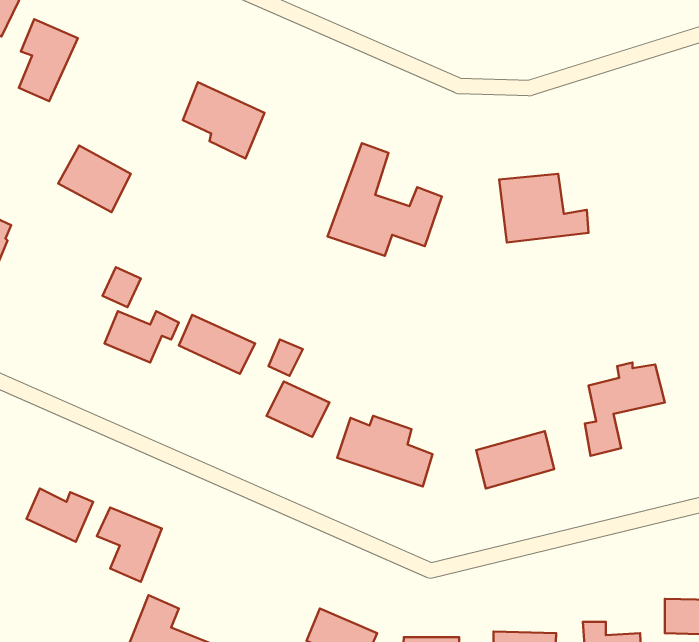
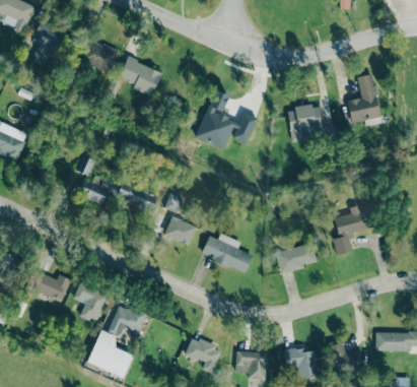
building: none -> [347,75,380,126]
building: [58,145,131,212] -> [81,39,120,74]
building: none -> [108,304,147,339]

